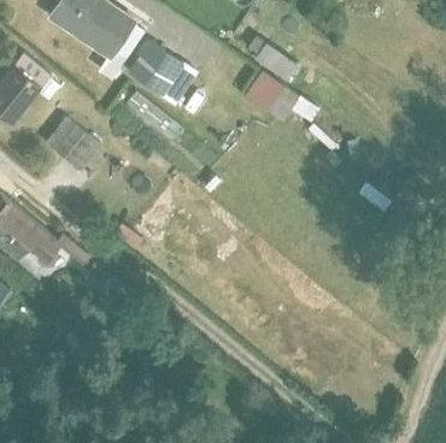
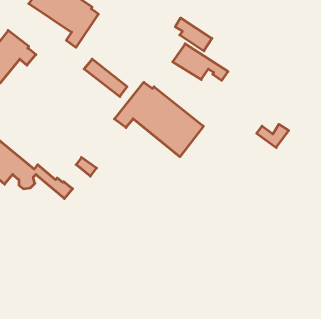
building: [128,41,196,105] -> none
building: [45,116,101,171] -> none
building: none -> [114,82,203,157]

